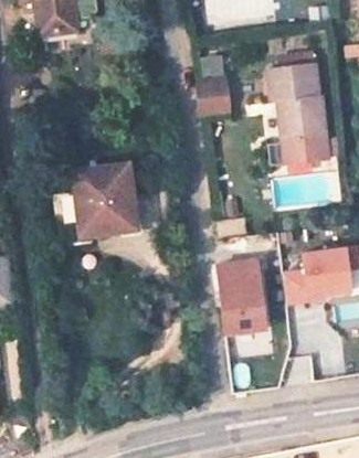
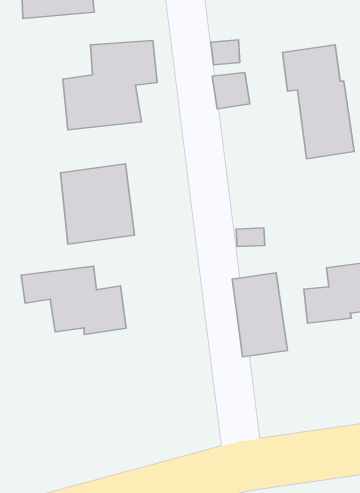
building: none -> [63,40,157,130]
building: none -> [21,266,126,334]

